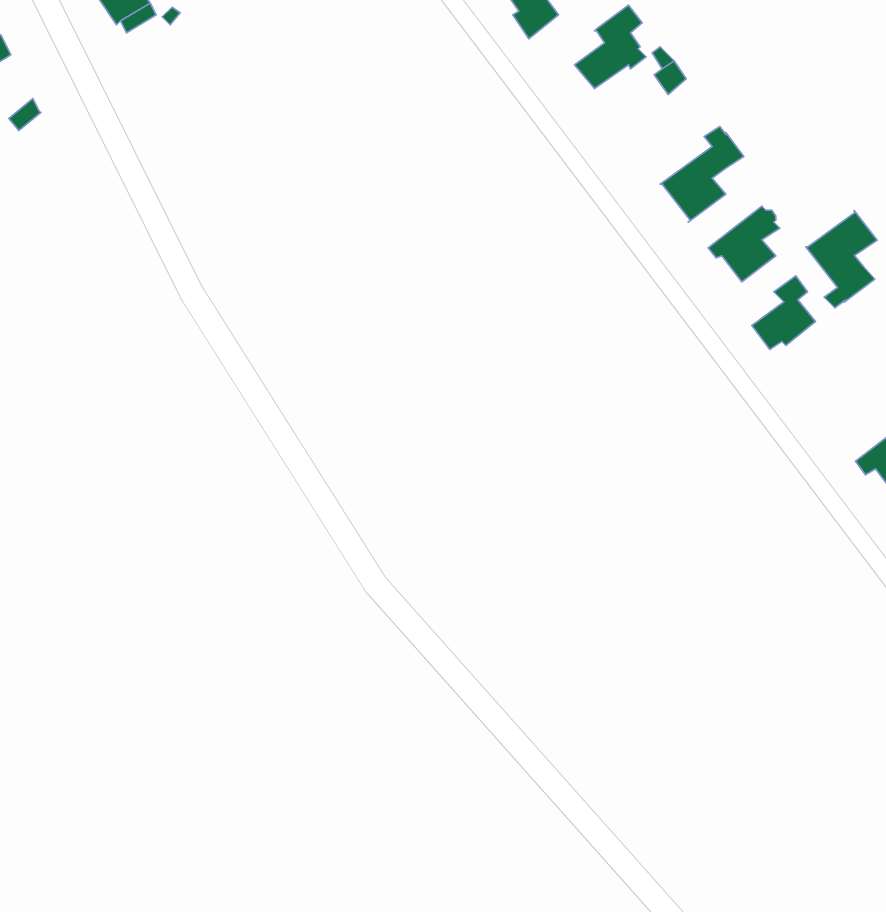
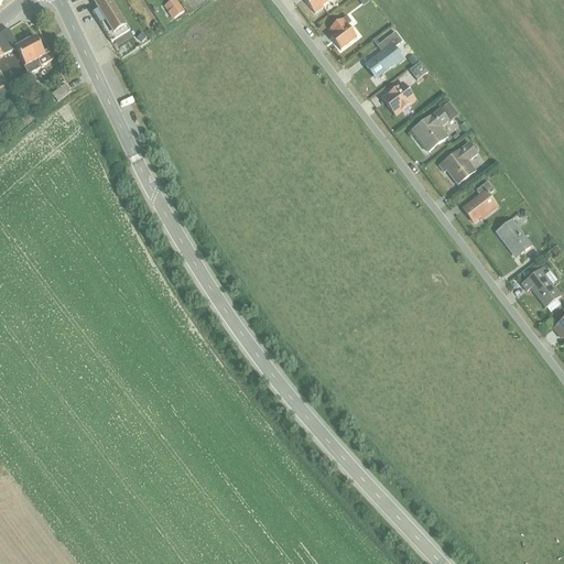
building: none -> [380,82,414,115]
building: [806,210,877,308] -> none
building: none -> [495,218,530,254]

